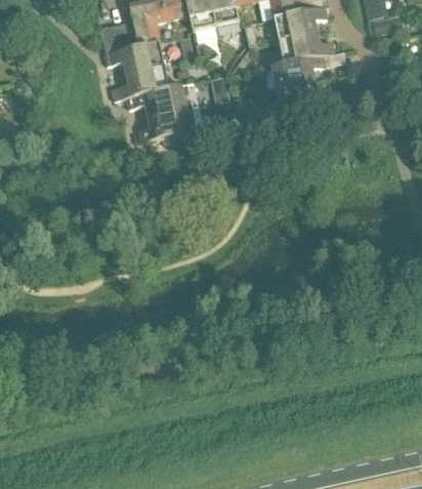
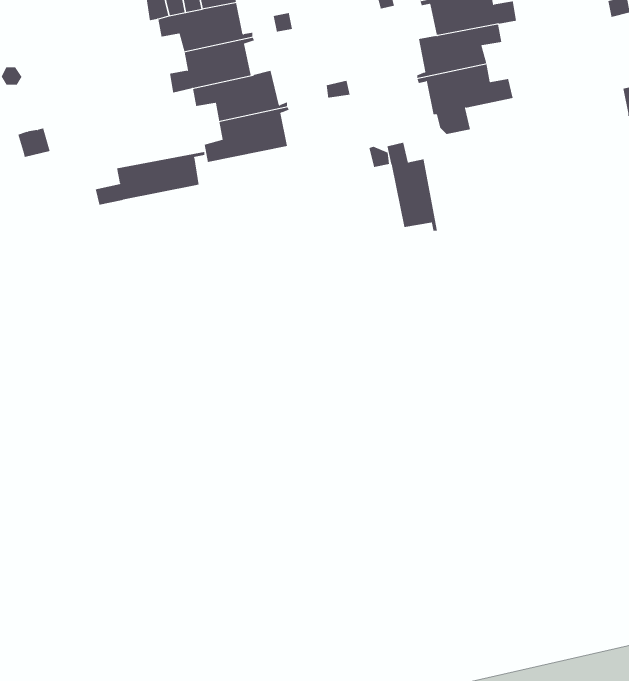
building: none -> [387,142,438,231]
building: none -> [95,151,205,206]

